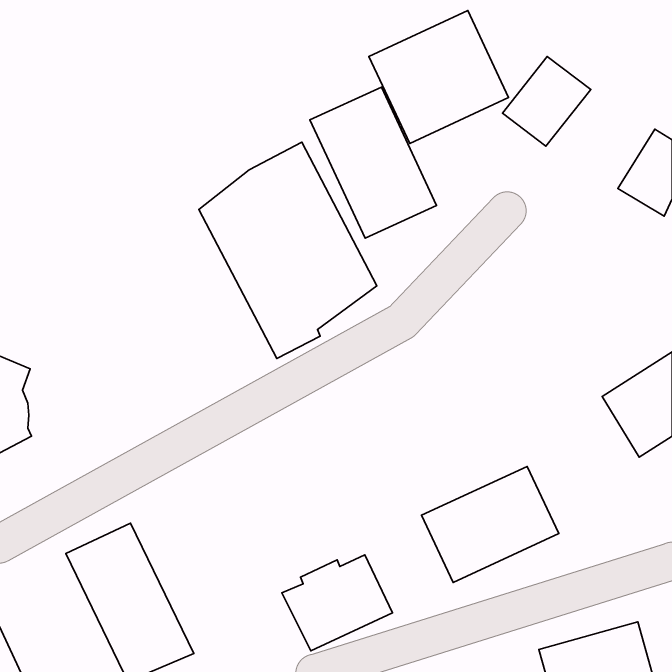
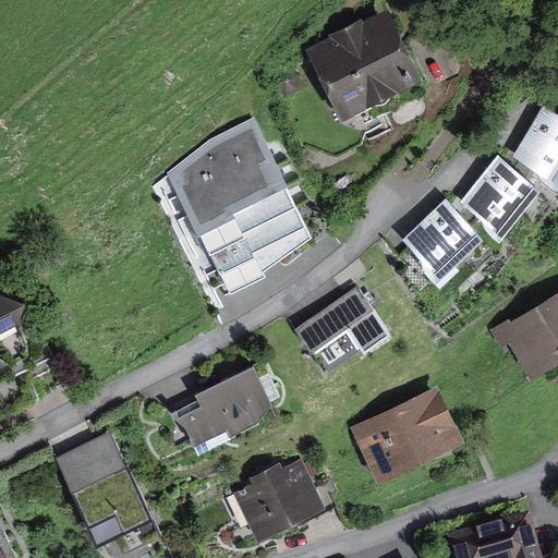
building: [502,57,591,146] -> [458,155,531,229]
building: [310,87,437,238] -> none
building: none -> [401,201,474,272]
building: none -> [293,286,390,356]
building: none -> [179,367,276,447]

